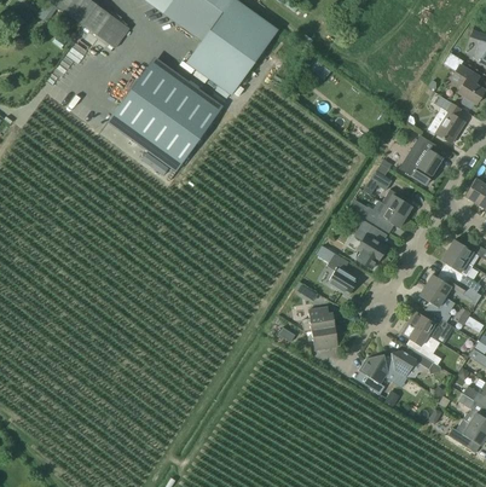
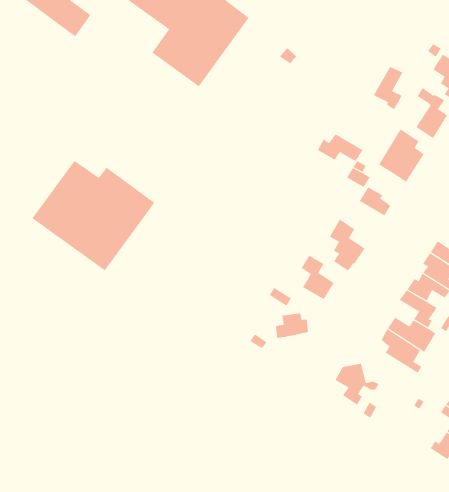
building: [106,66,222,170] -> [32,160,155,271]
building: none -> [373,66,403,110]
building: [361,201,405,227] -> [317,133,363,162]
building: [312,325,340,349] -> none
building: [390,346,433,377] -> none

